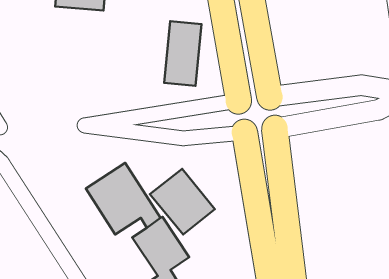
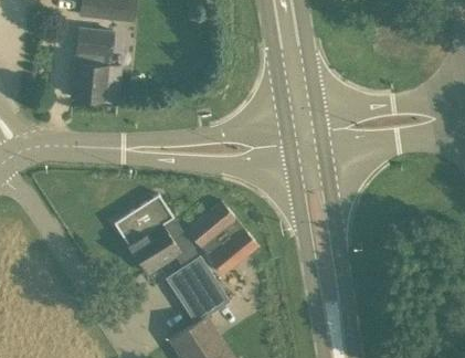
building: [164,21,202,86] -> [73,28,115,101]

